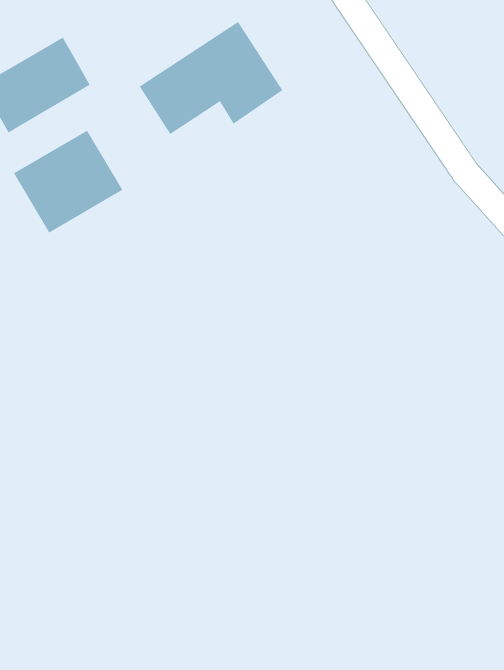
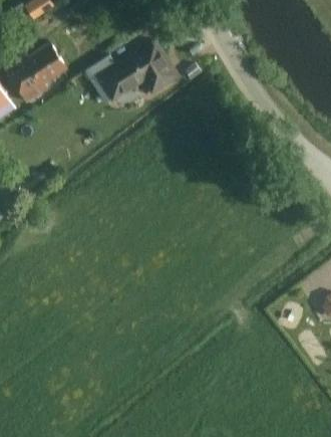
building: [13,130,123,233] -> none

